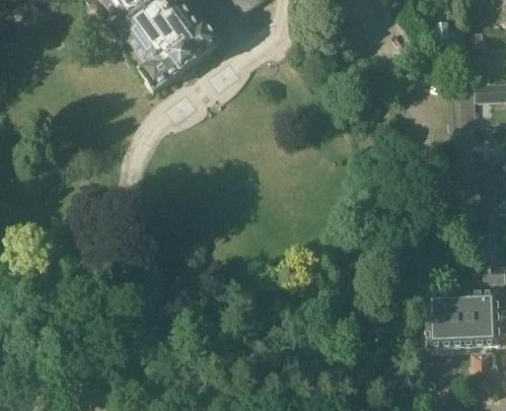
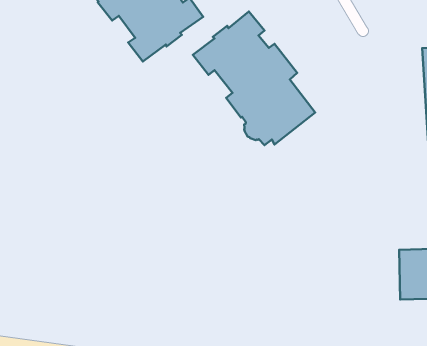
building: none -> [193,11,315,145]

